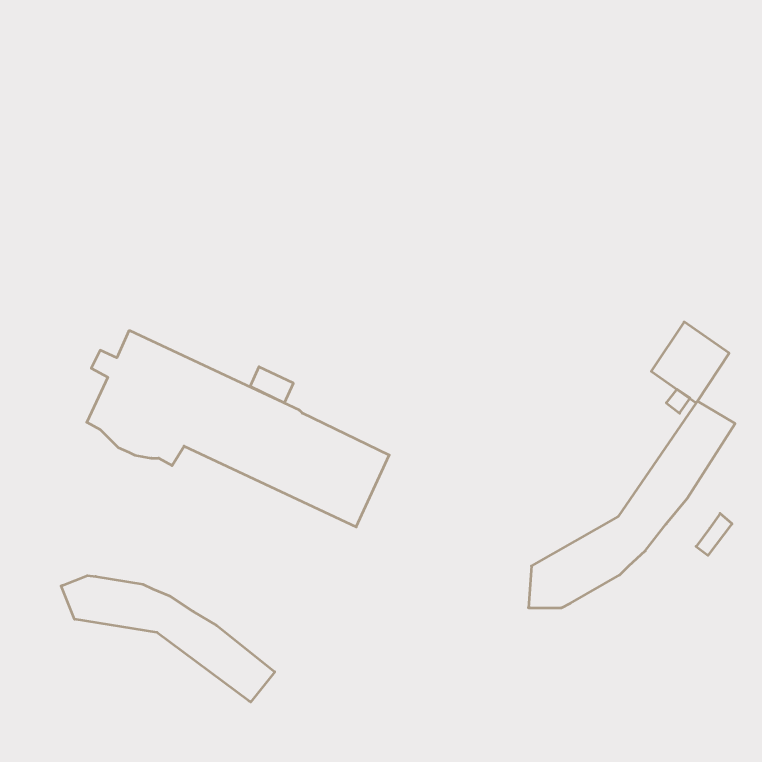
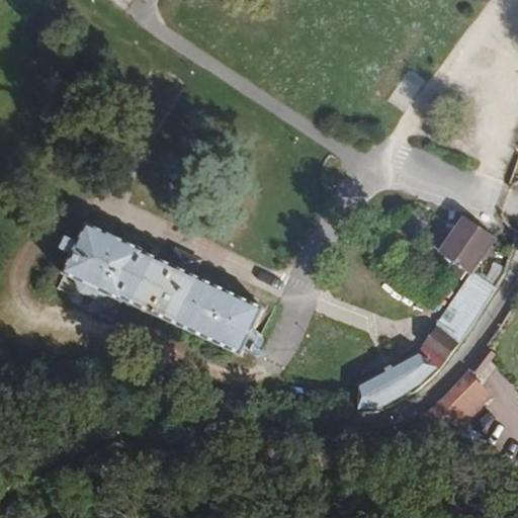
building: none -> [422,372,491,434]
building: [61,576,275,702] -> none

